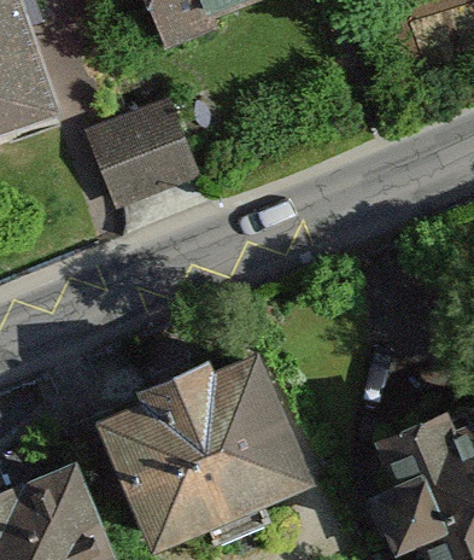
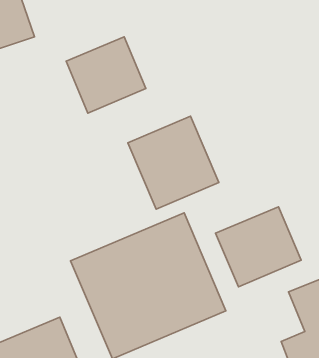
building: none -> [128,116,219,209]
building: none -> [216,207,301,287]

